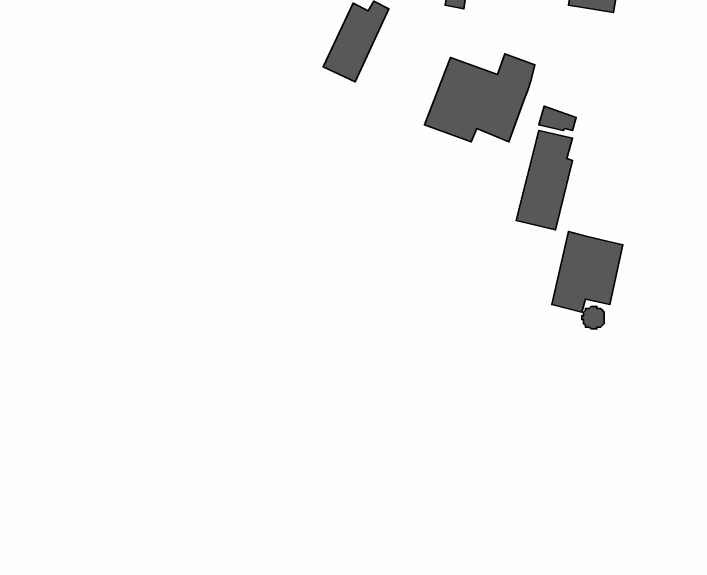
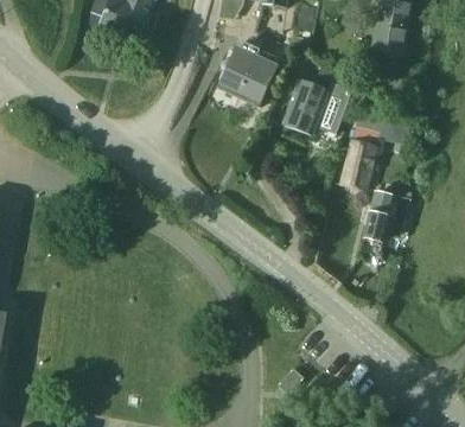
building: none -> [241,49,280,104]

